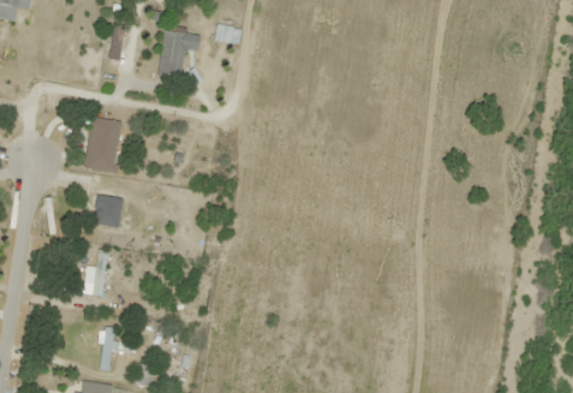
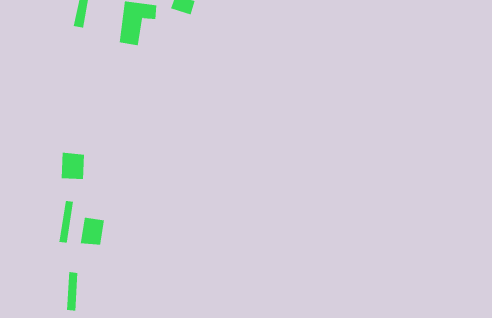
building: [86,118,121,173] -> none
building: none -> [80,217,105,246]

